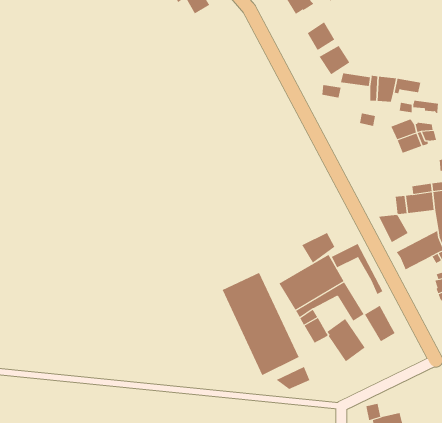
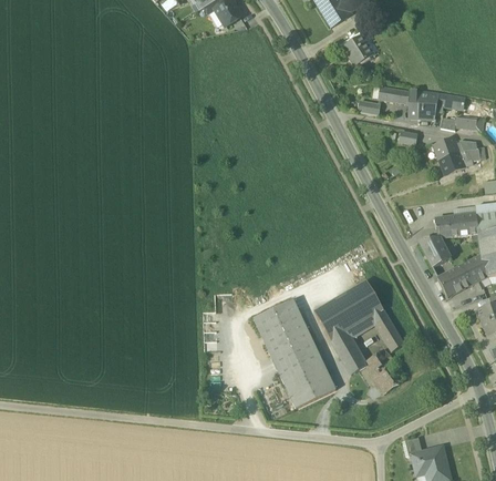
building: [319,45,350,75] -> none
building: [302,232,335,264] -> none
building: [331,243,383,295] -> none
building: [364,305,396,342] -> none
building: [276,366,310,390] -> none

